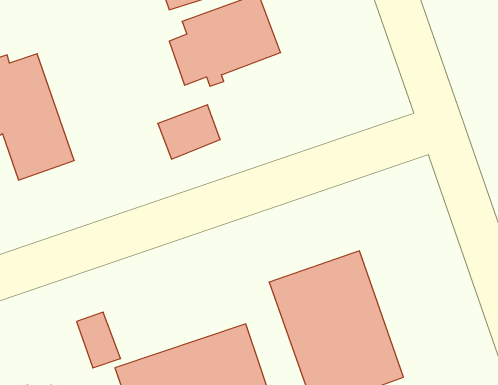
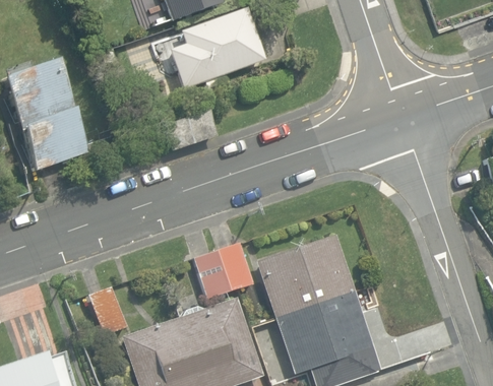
building: none -> [194,243,254,301]

